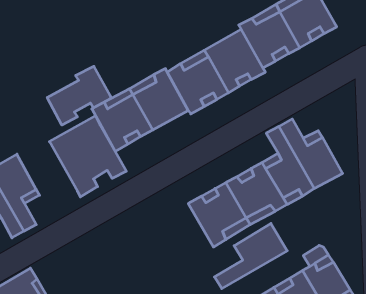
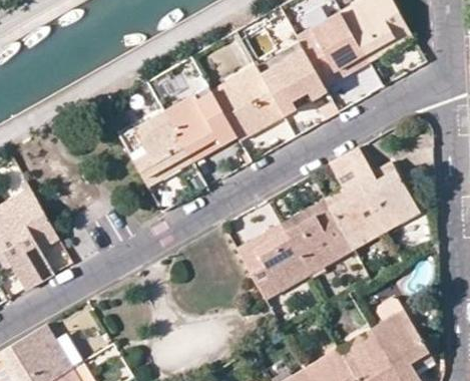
building: [47,66,111,125] -> none
building: [49,116,126,197] -> none
building: [214,223,287,289] -> none

